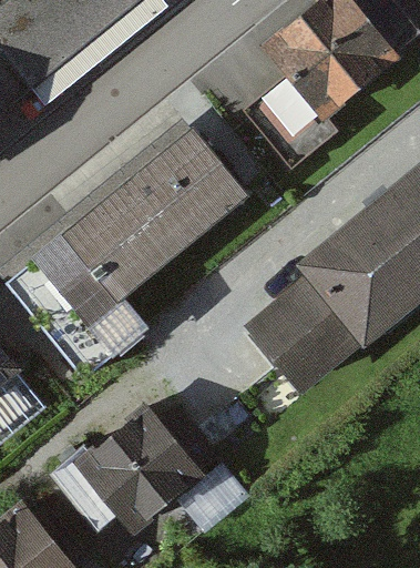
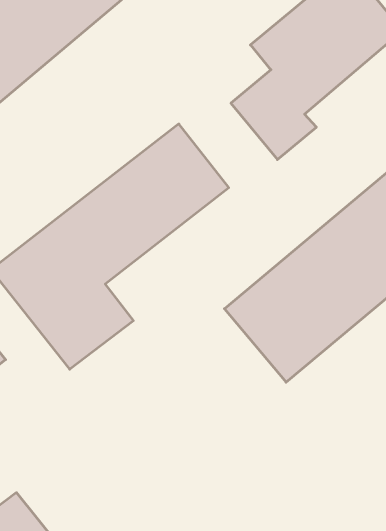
building: [71,407,206,540] -> none

